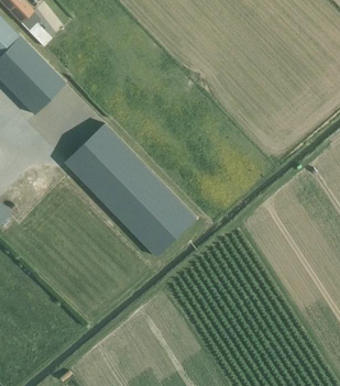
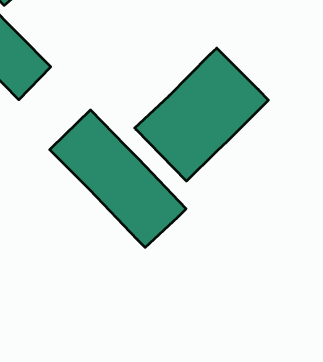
building: none -> [135,48,268,181]

